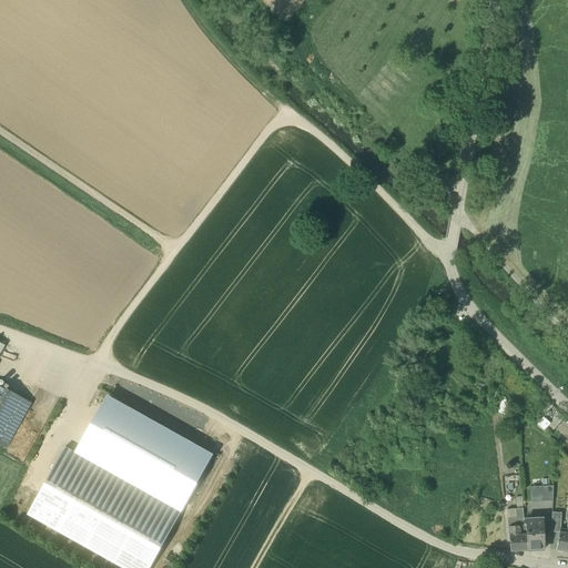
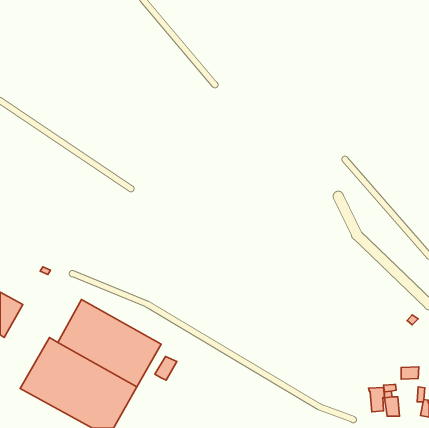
building: none -> [155,357,177,380]
building: [524,518,545,550] -> [369,387,385,412]

